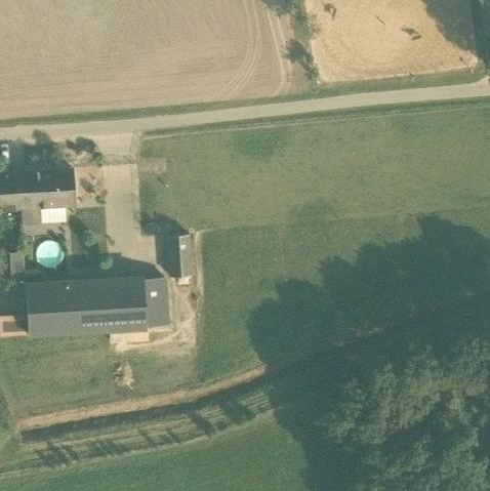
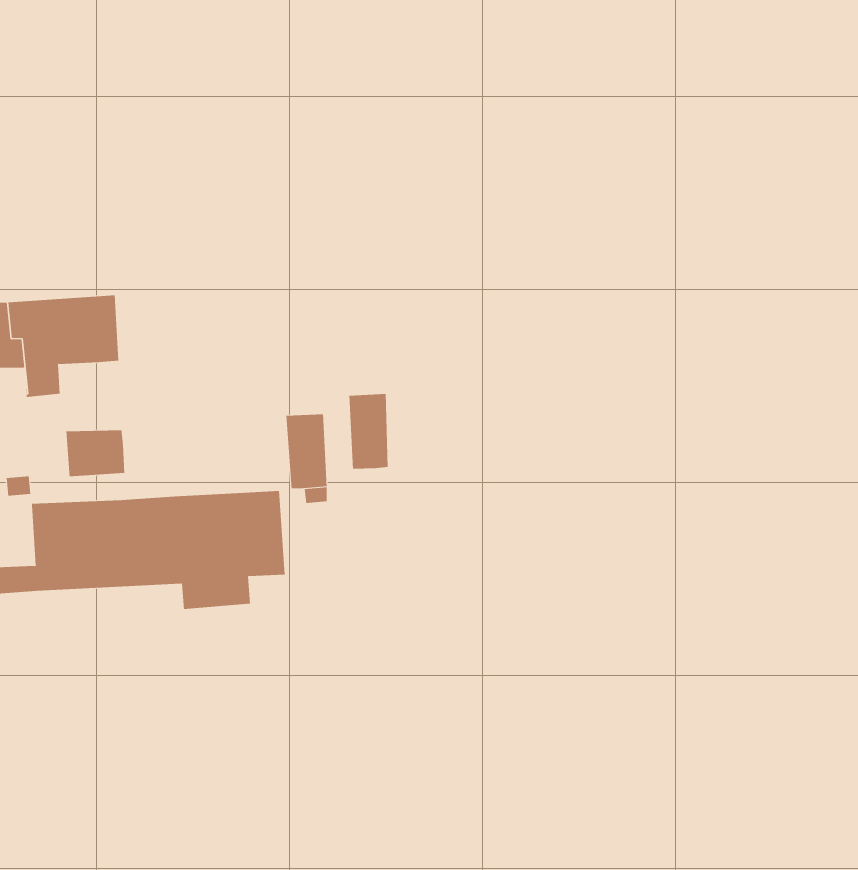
building: none -> [349,393,388,469]
building: none -> [66,429,125,477]

